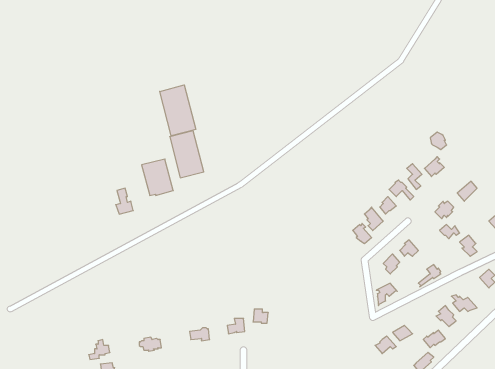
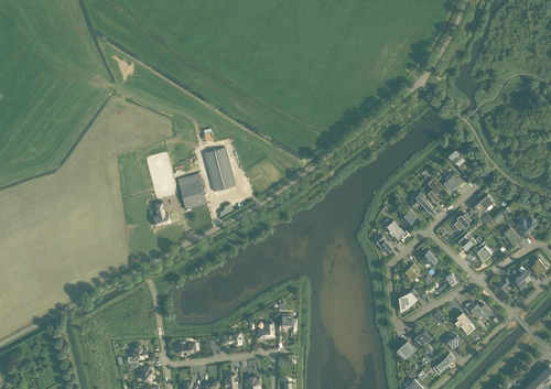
building: [160,85,196,136] -> none

